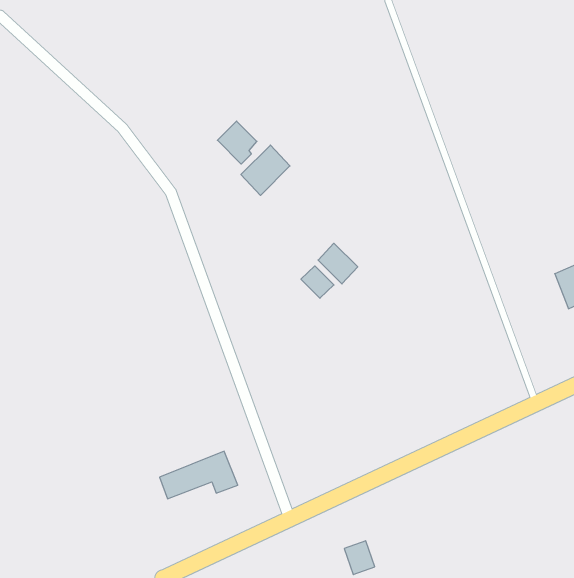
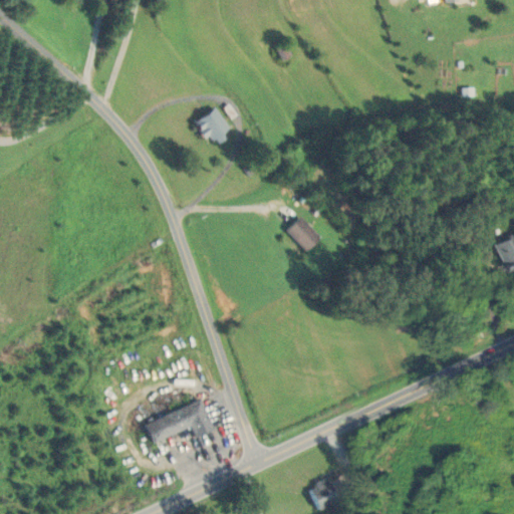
building: [241,145,290,195] -> none
building: [301,266,334,298] -> none

